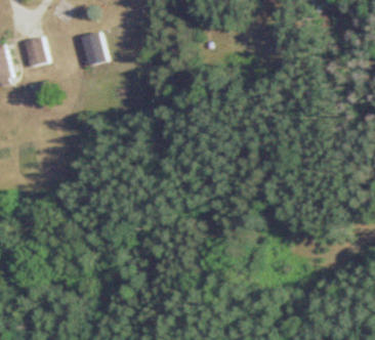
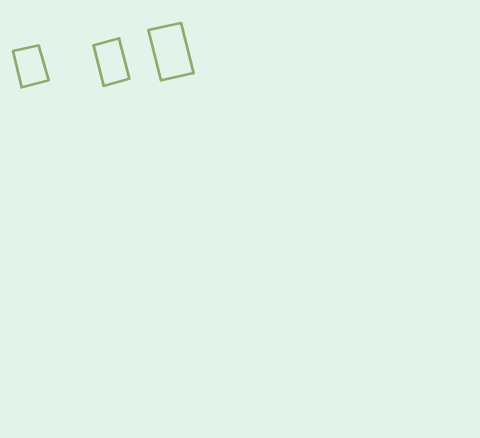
building: none -> [149,23,193,80]

